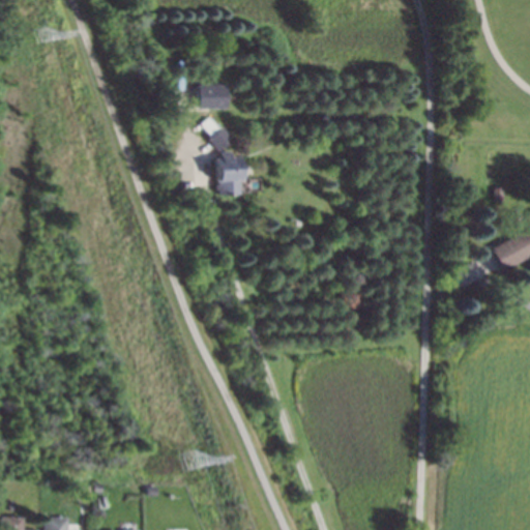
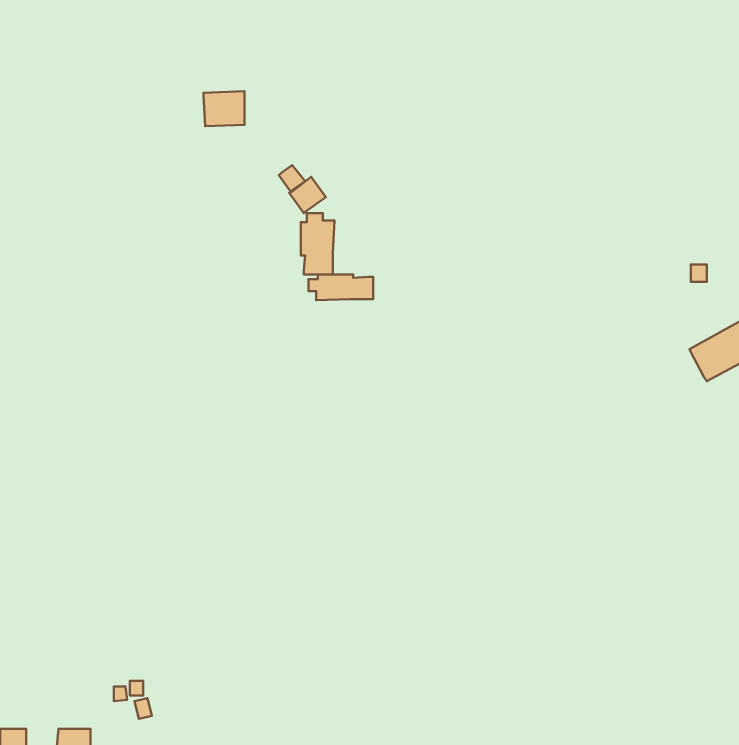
building: [199,85,228,110] -> [204,91,244,126]
building: none -> [309,275,373,300]

